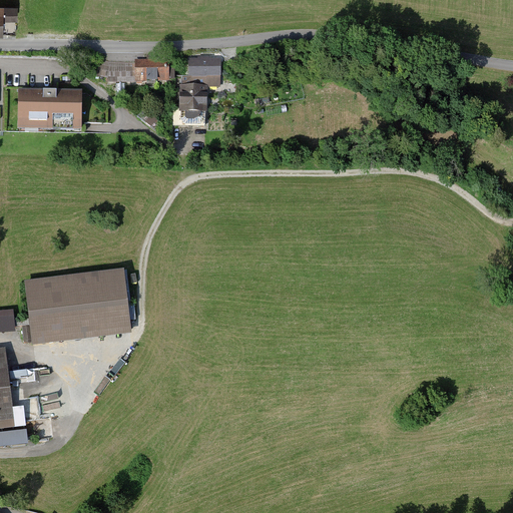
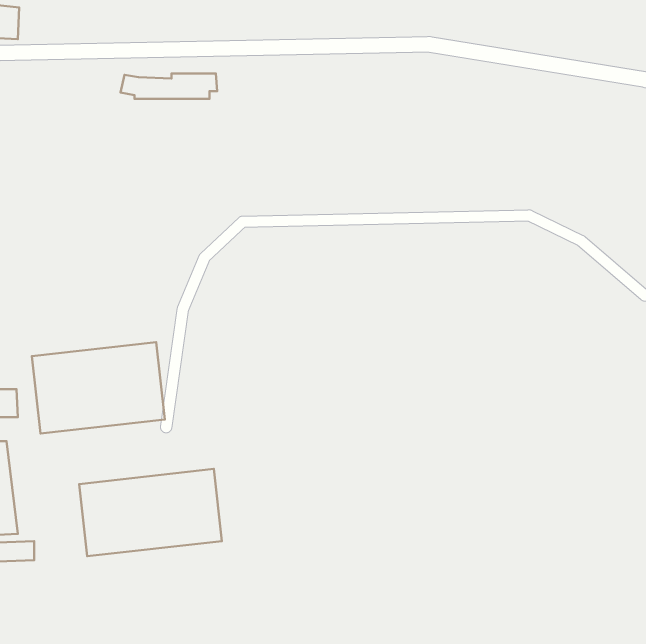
building: [170,57,217,121] -> none
building: [17,89,80,120] -> none
building: none -> [79,469,222,556]

